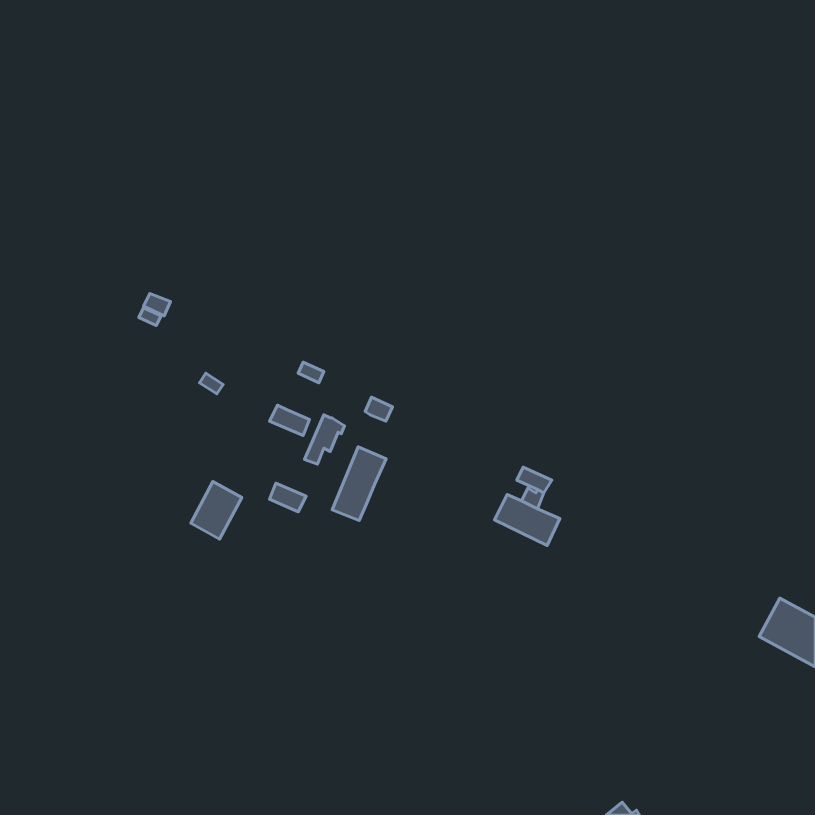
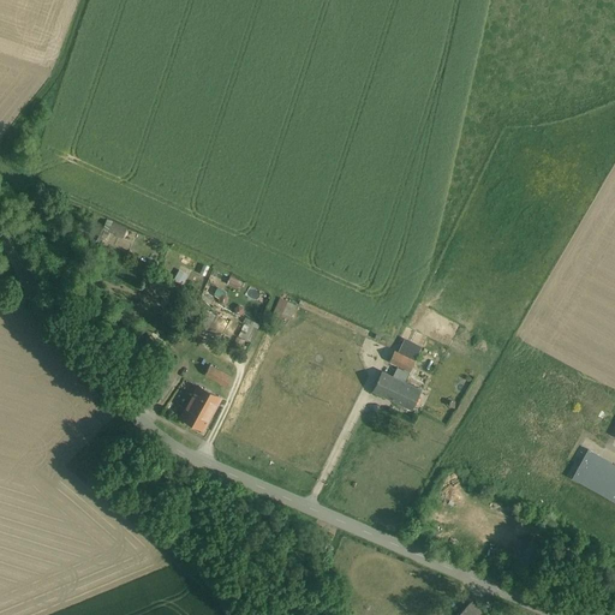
building: [332,447,386,520] -> none
building: [191,482,242,539] -> [181,386,220,429]

